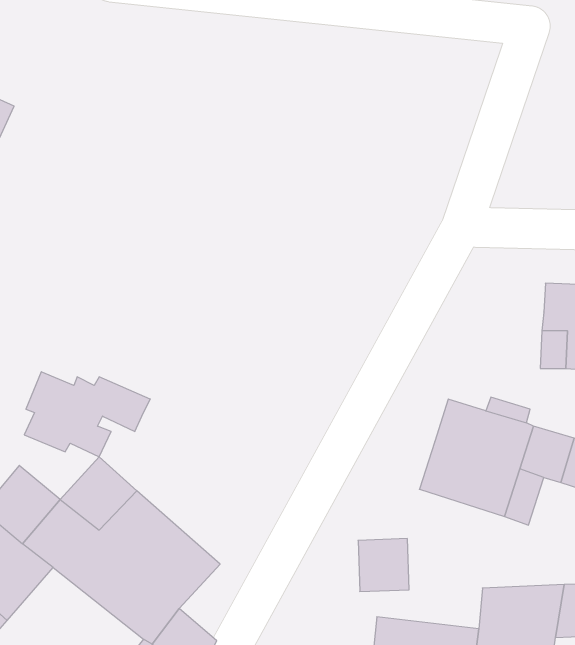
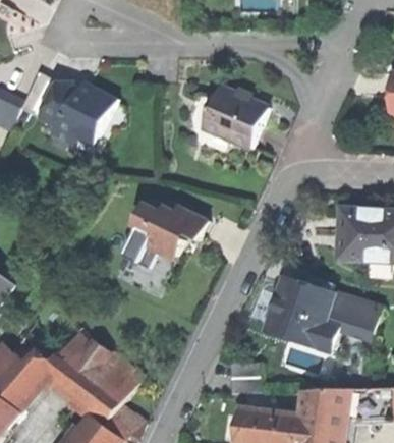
building: none -> [20,77,117,150]
building: none -> [201,86,267,148]
building: [24,372,150,457] -> [129,205,205,256]

